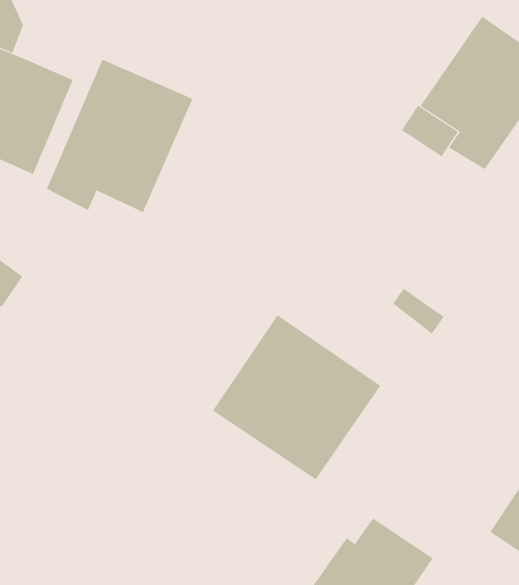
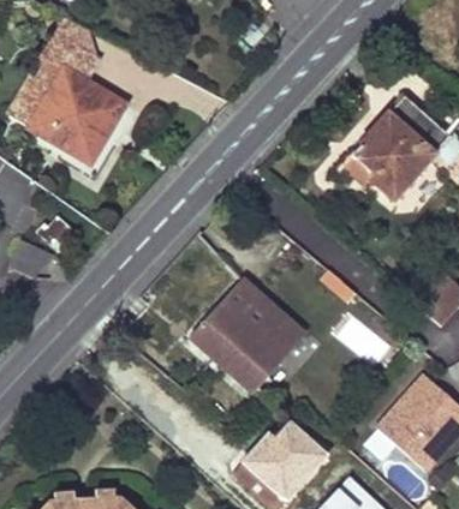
building: [46,59,193,213] -> none

